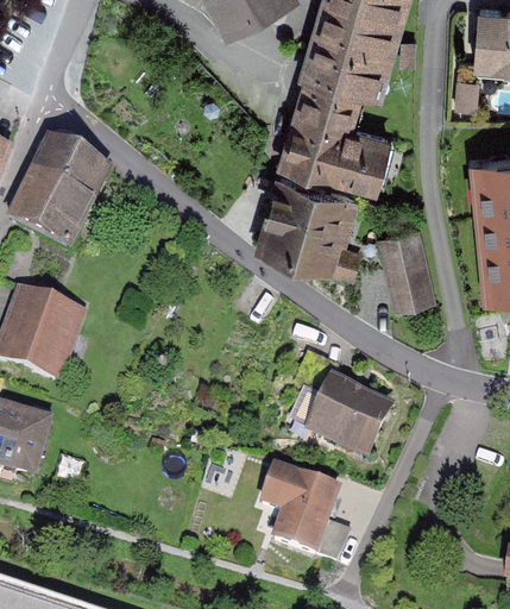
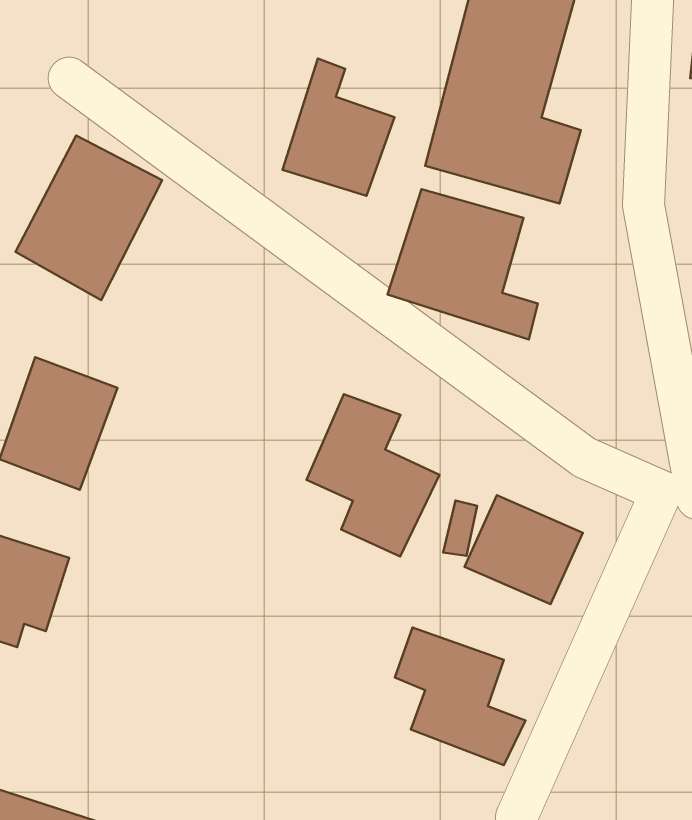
building: none -> [283,58,394,196]
building: [380,231,430,306] -> none
building: none -> [306,394,439,557]

